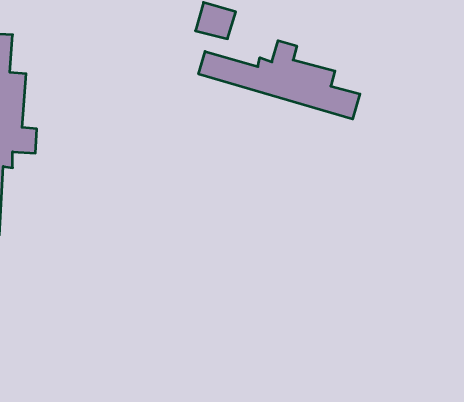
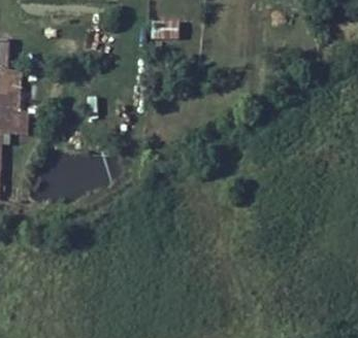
building: [199,41,360,119] -> none

